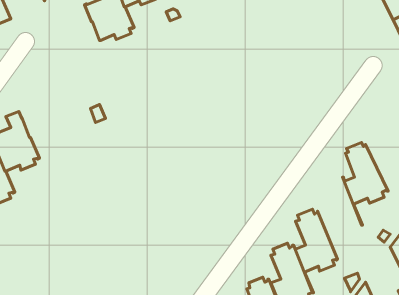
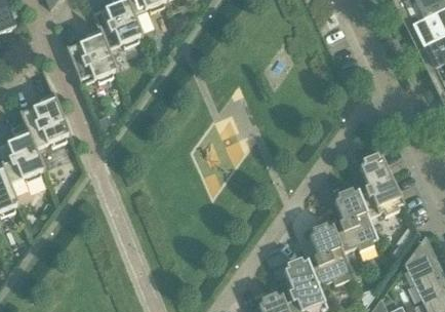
building: none -> [67,29,117,84]
building: none -> [19,92,70,148]
building: none -> [331,187,376,273]

